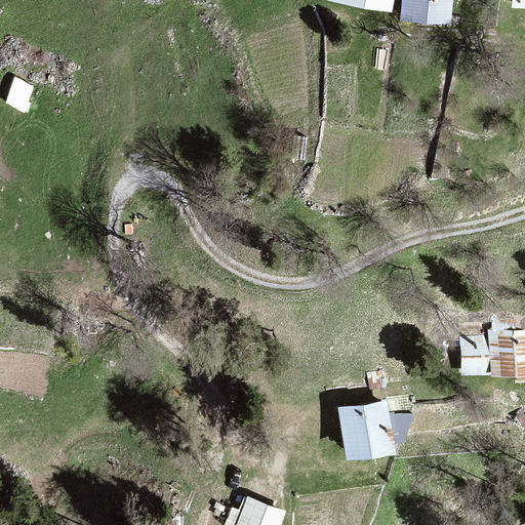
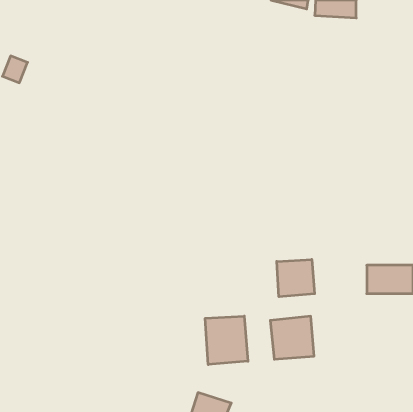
building: none -> [277,259,315,297]
building: none -> [205,316,248,365]

